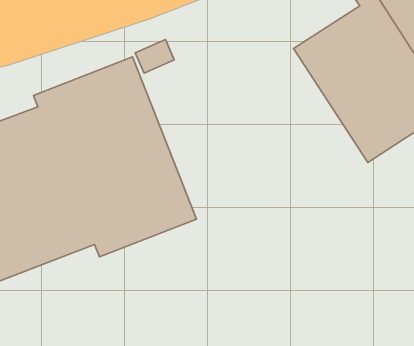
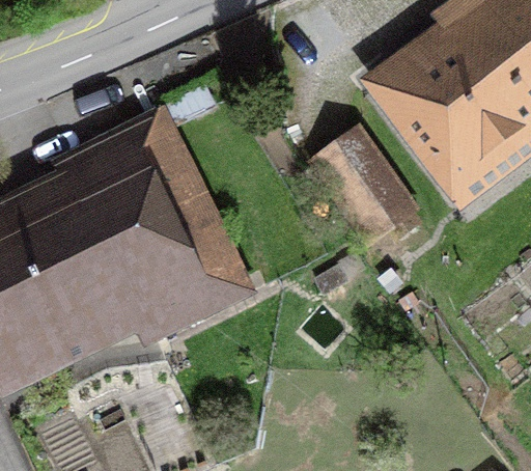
building: none -> [301,120,421,248]

